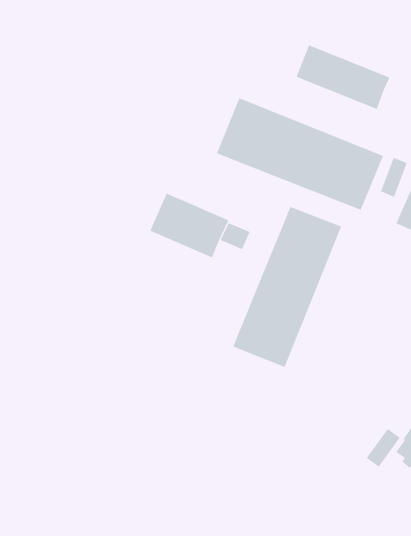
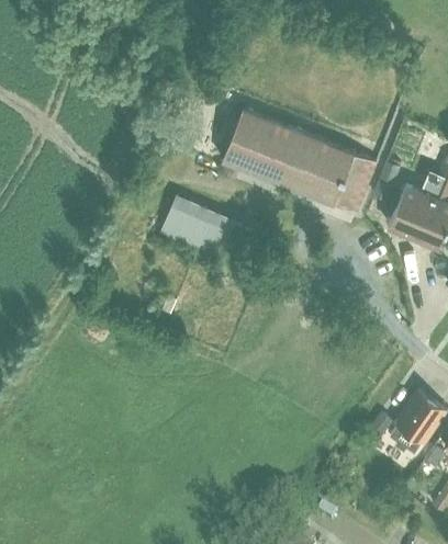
building: [296,44,390,110] -> none
building: [233,206,342,368] -> none

